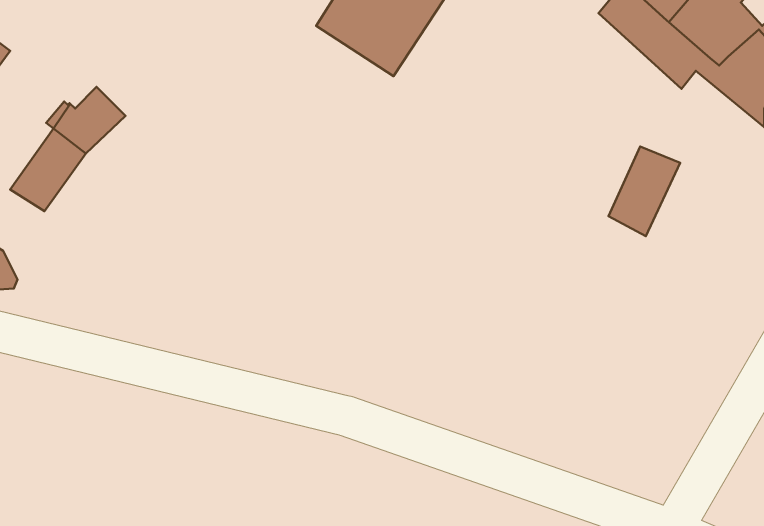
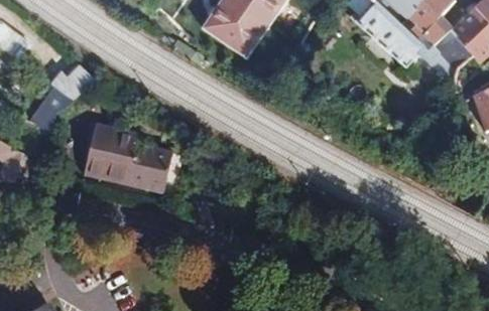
building: [608,146,680,236] -> none
building: none -> [83,122,173,192]

